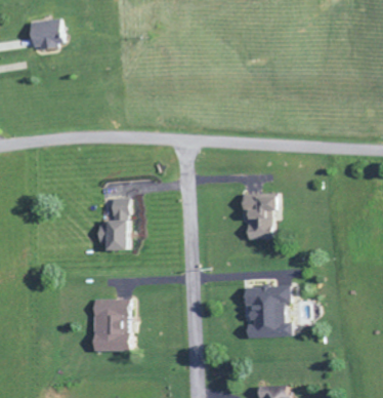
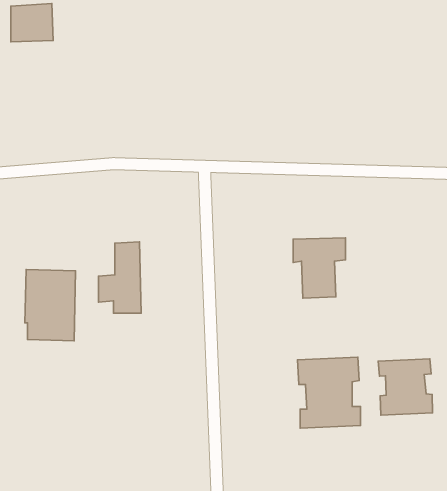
building: none -> [378,359,433,415]
building: [89,297,127,351] -> [25,270,75,341]

